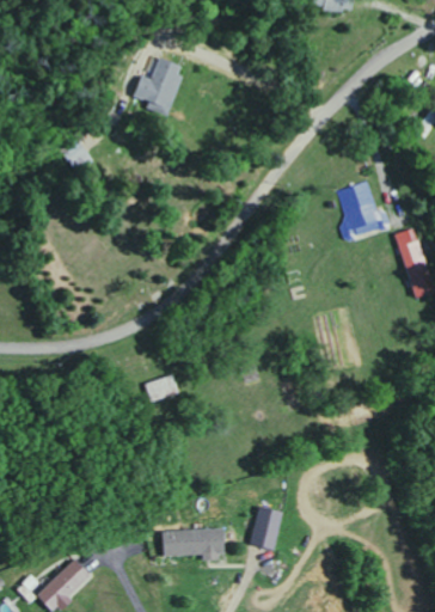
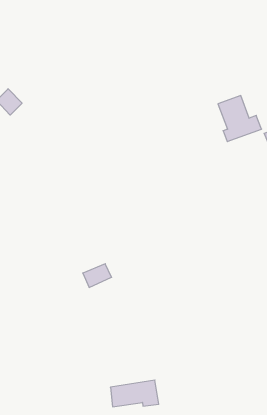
building: [133,57,183,111] -> none
building: [249,506,282,550] -> none

